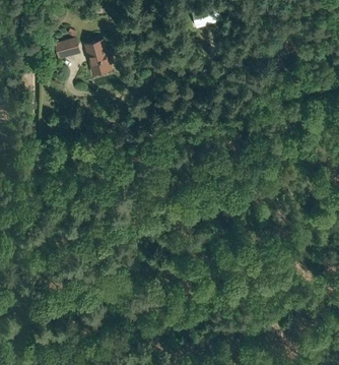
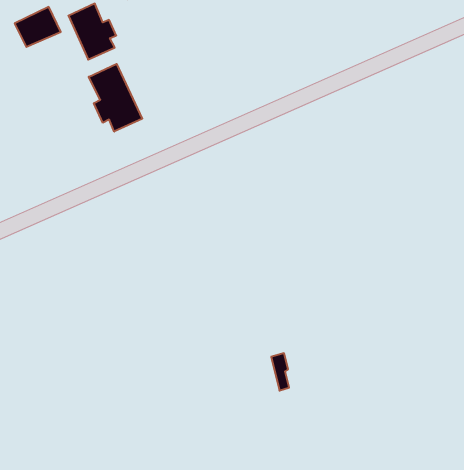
building: none -> [89,64,142,132]

